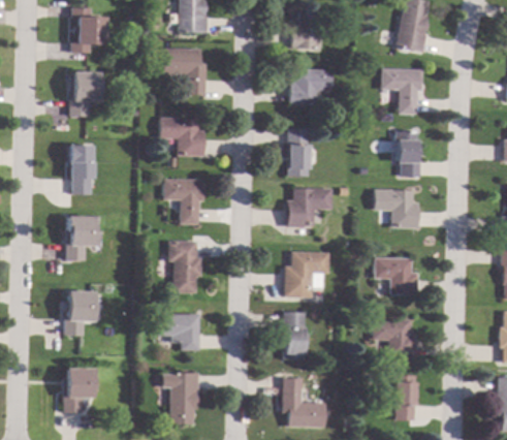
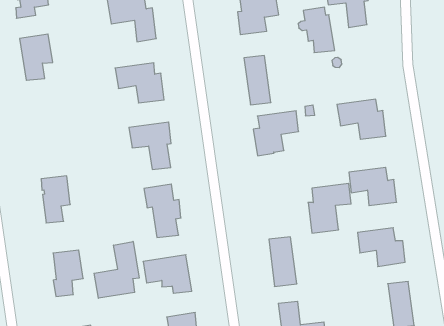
building: [388,131,420,176] -> [298,7,335,53]
building: [69,145,93,194] -> none
building: [285,251,329,296] -> [308,183,351,233]
building: none -> [94,241,139,298]

